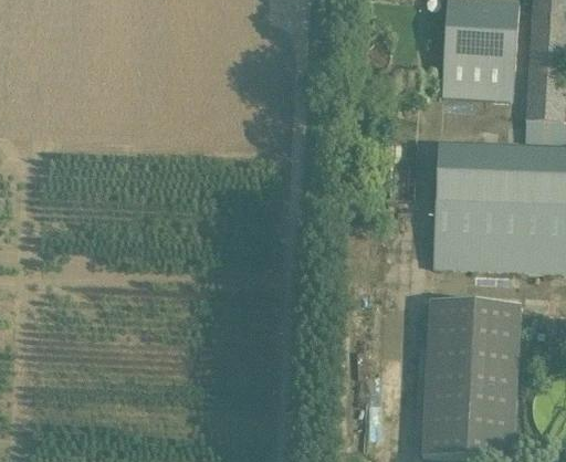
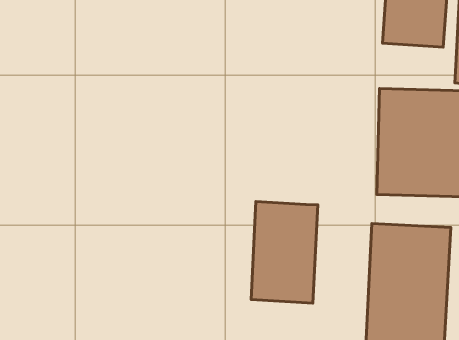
building: none -> [251,201,318,303]

